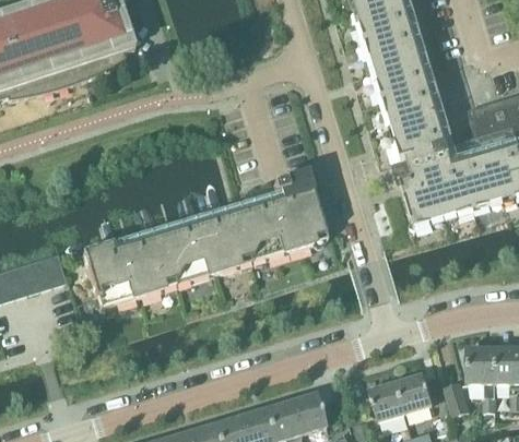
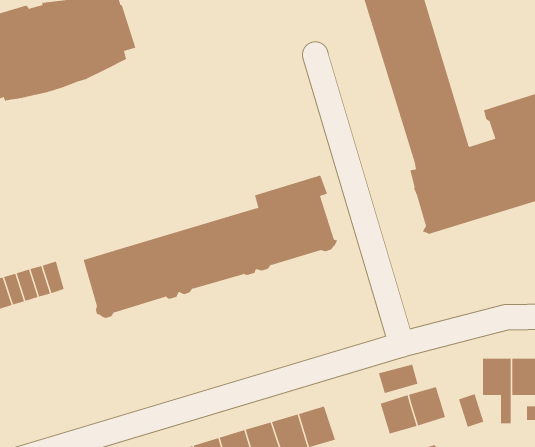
building: none -> [378,364,418,394]

